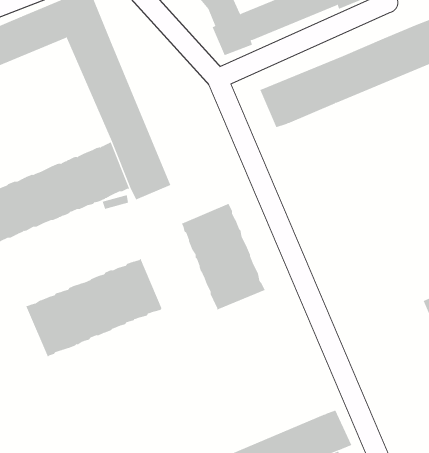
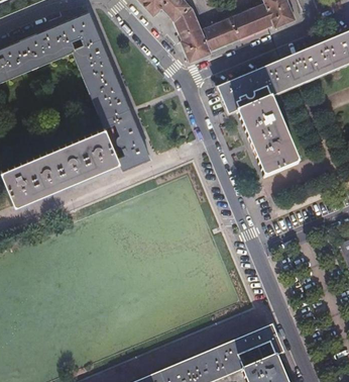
building: [181,203,266,311] -> [238,97,301,177]
building: [25,258,162,358] -> none

